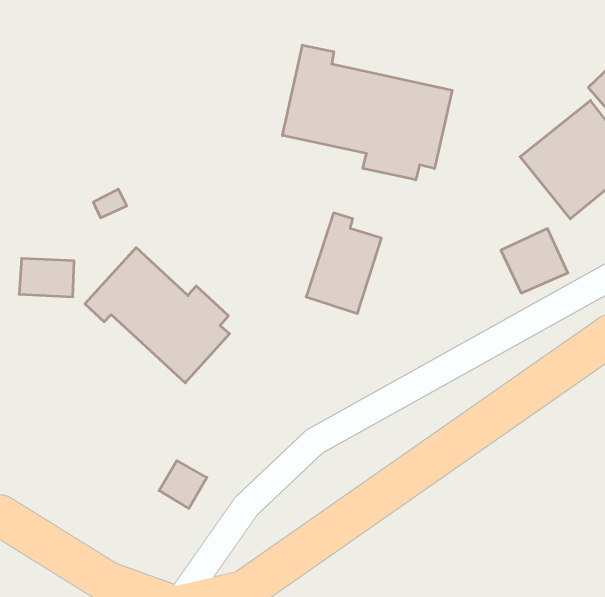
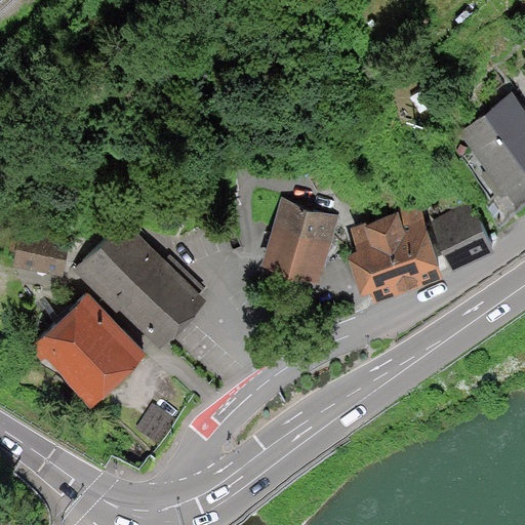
building: [282,45,452,180] -> none
building: none -> [359,218,441,294]
building: none -> [31,295,142,402]

